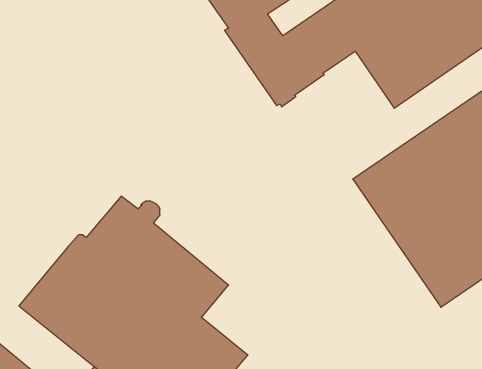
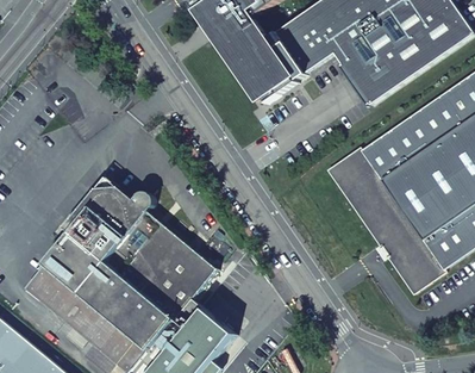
building: none -> [62,175,118,232]

